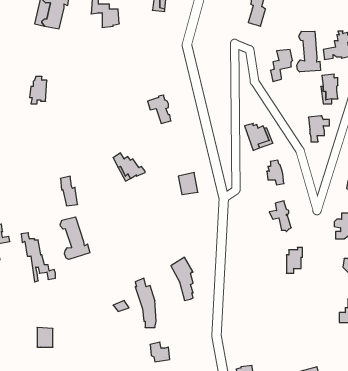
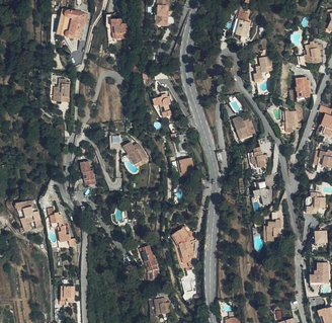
building: [297,31,320,72] -> none
building: [60,217,90,259] -> none

